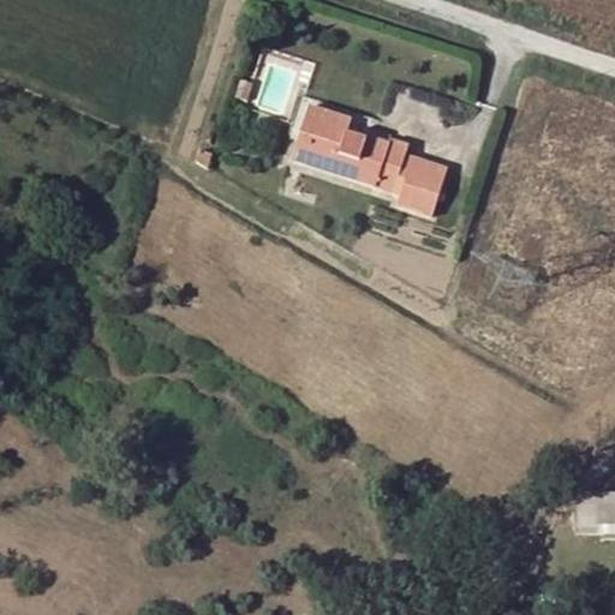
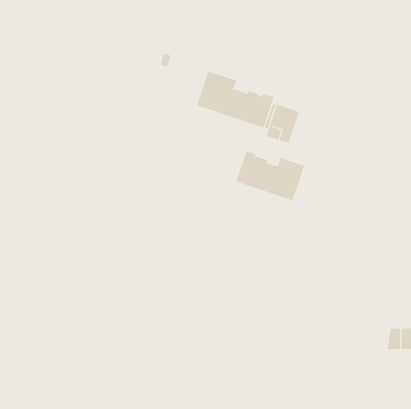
building: none -> [236,150,305,201]

